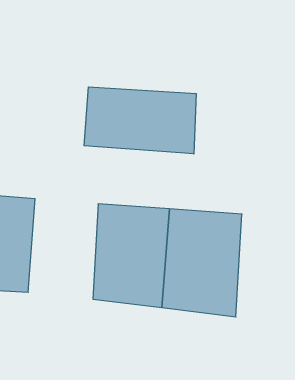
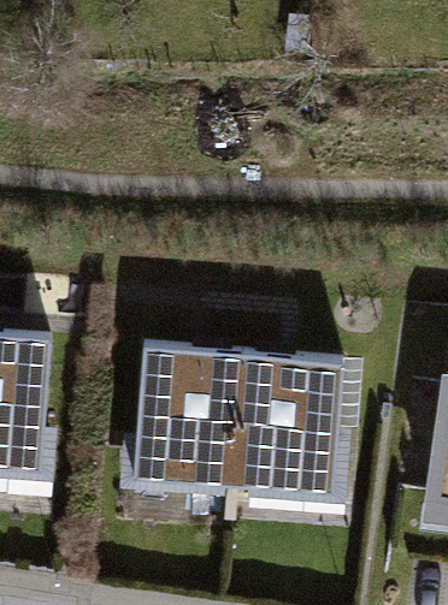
building: [84,87,196,154] -> none

